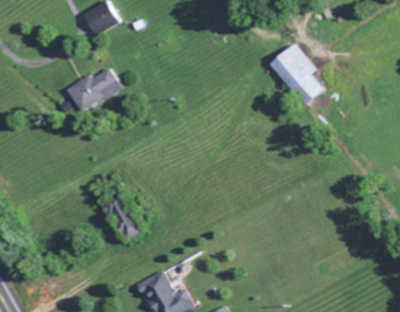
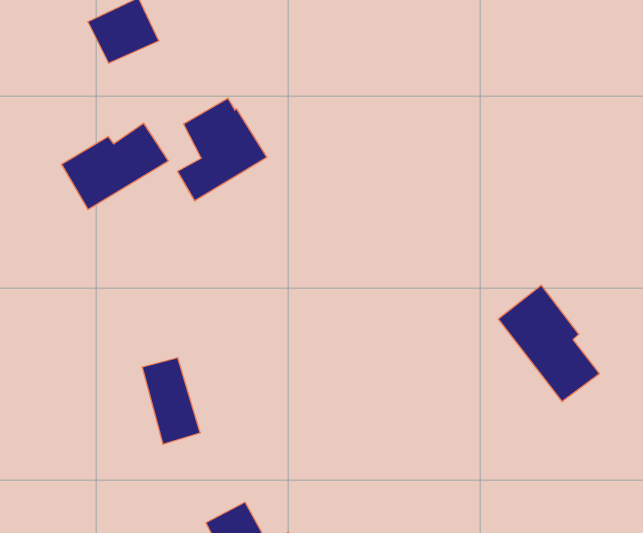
building: [273,45,328,108] -> [498,285,599,402]
building: none -> [178,98,267,201]

